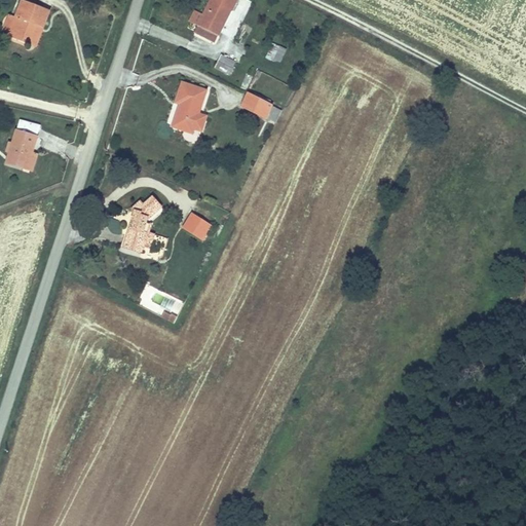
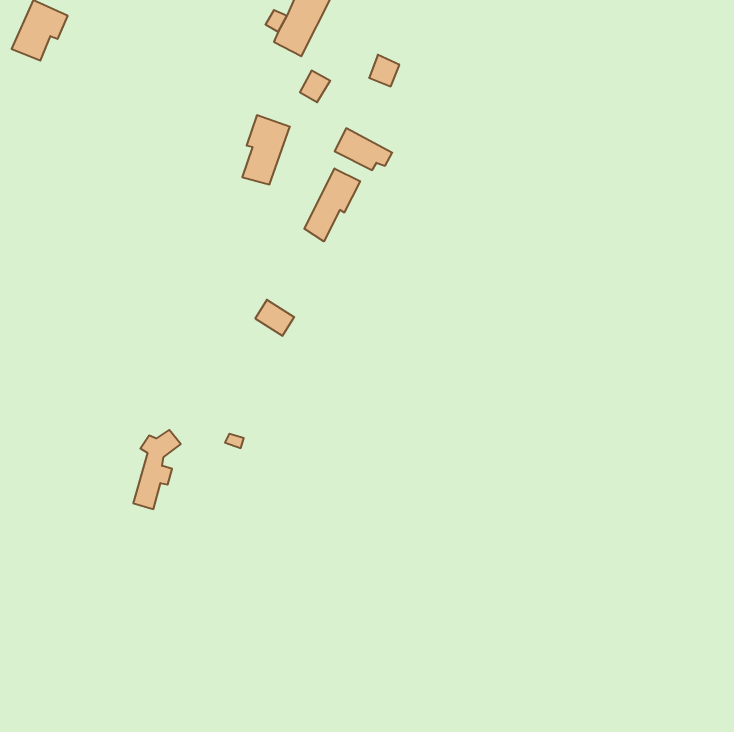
building: none -> [304,168,360,241]
building: [5,121,40,170] -> none
building: [124,196,158,253] -> [133,430,181,509]

